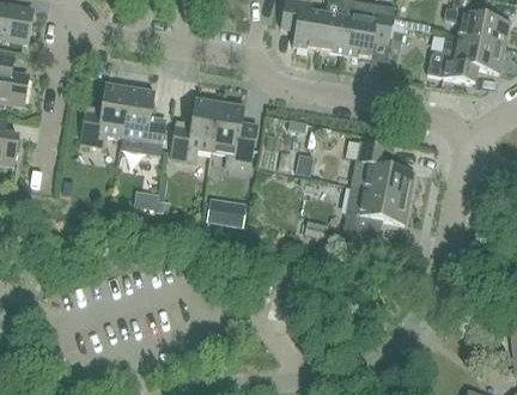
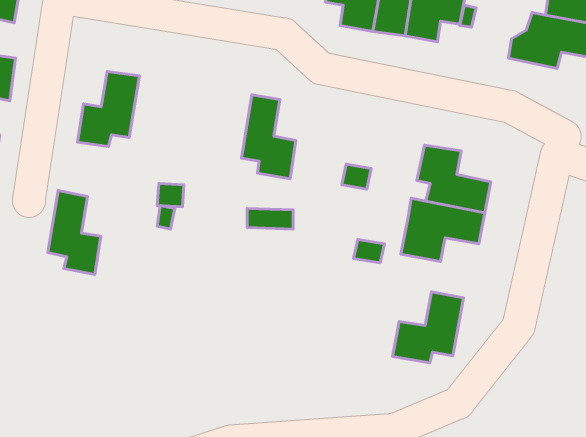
building: [121,87,164,156] -> [48,191,101,275]
building: [169,98,220,160] -> none
building: none -> [392,292,464,363]

